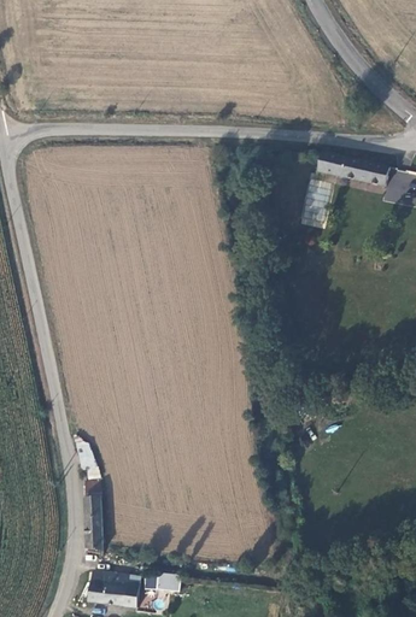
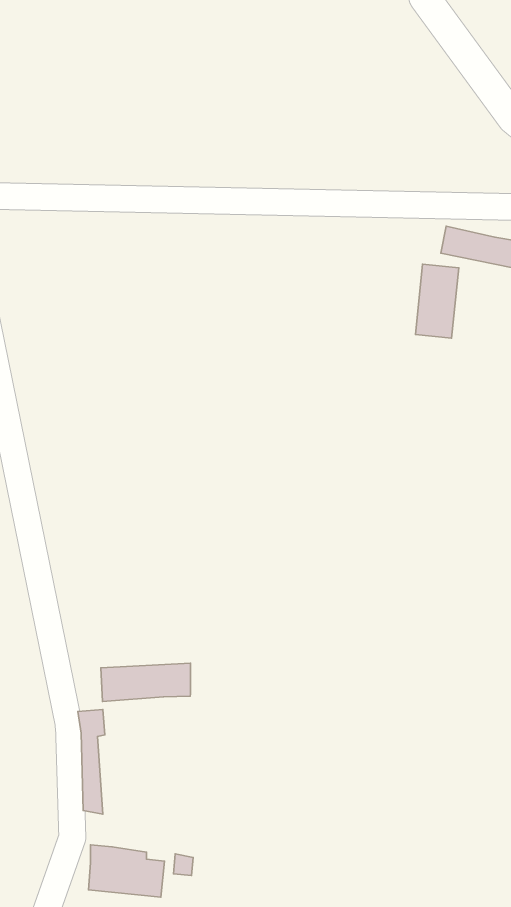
building: none -> [101,663,191,701]

